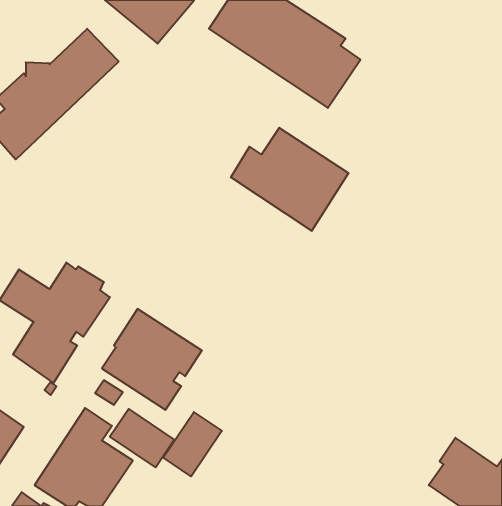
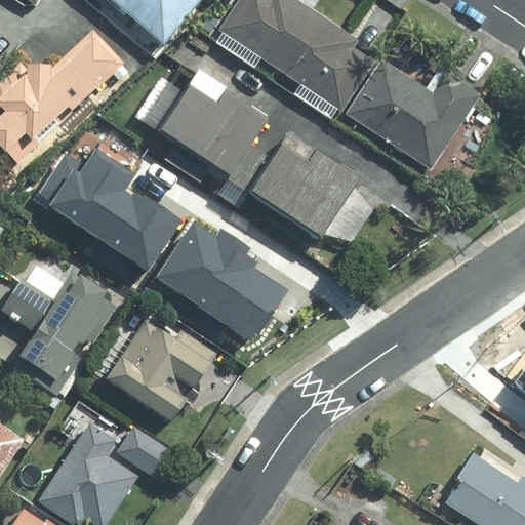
building: none -> [342,59,481,172]
building: none -> [159,73,269,184]
building: none -> [33,148,171,265]
building: none -> [152,221,291,338]
building: [163,412,222,476] -> none

